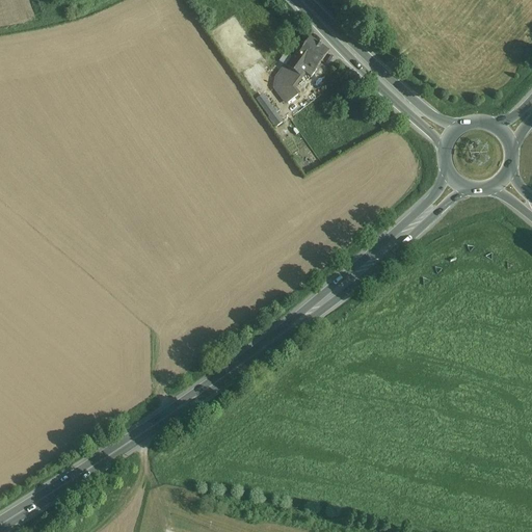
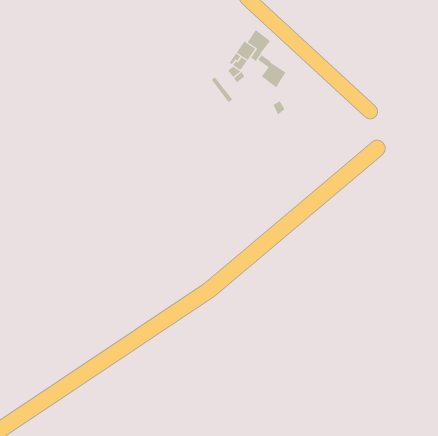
building: none -> [257,54,286,88]

